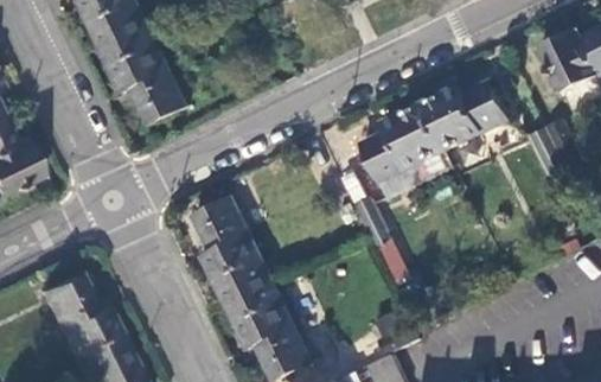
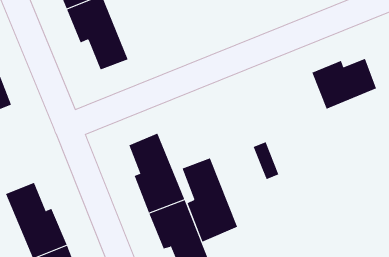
building: [364,107,447,184] -> none
building: none -> [182,157,238,242]

